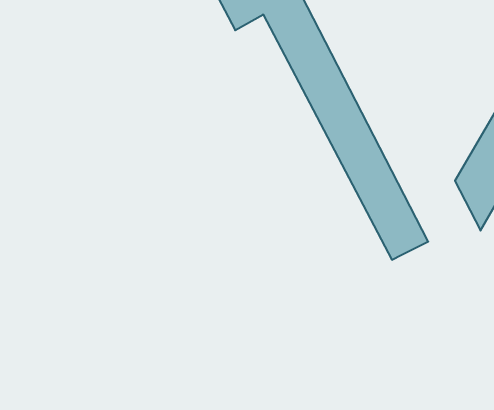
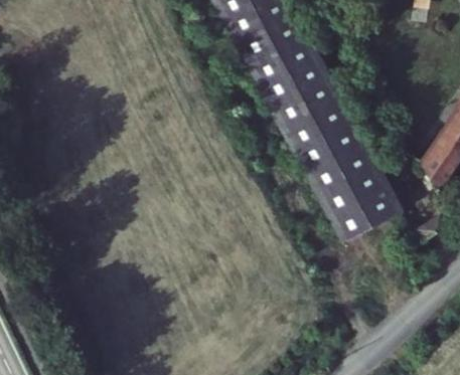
building: none -> [239,28,368,245]

